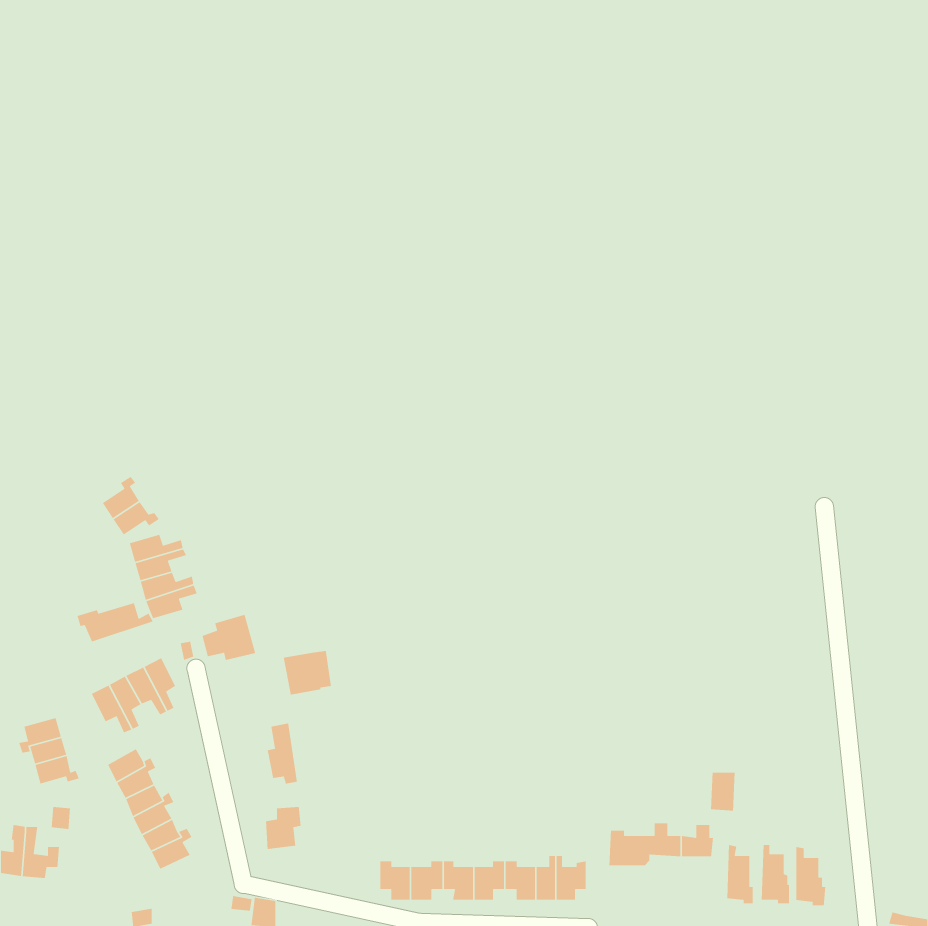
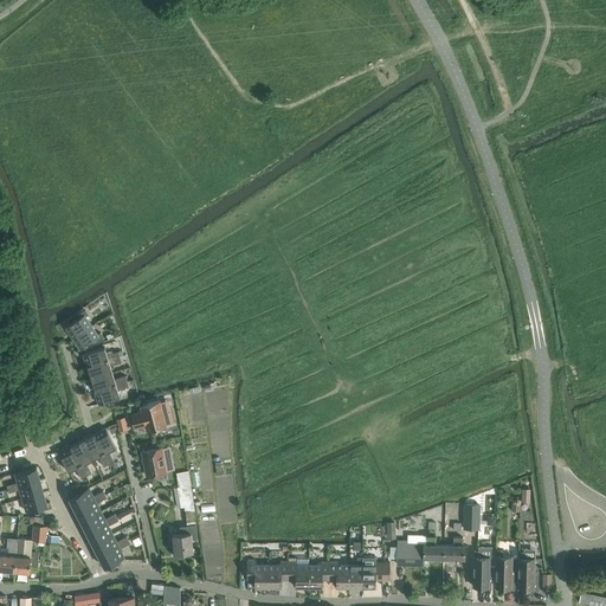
building: [76,602,154,643] -> none
building: [283,650,332,695] -> [142,447,174,477]

